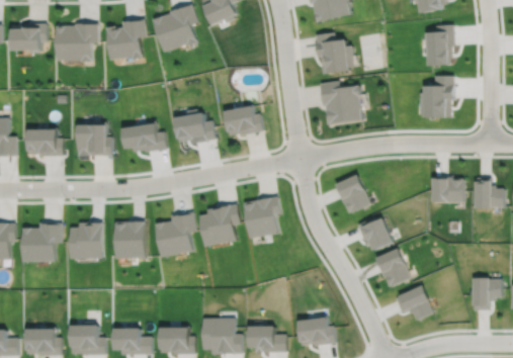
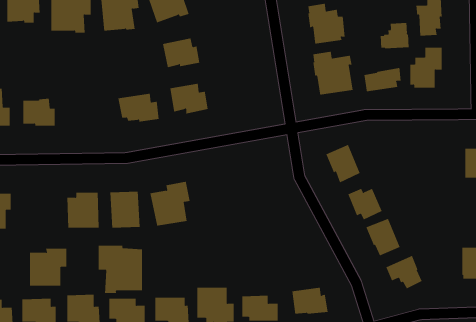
building: none -> [380,22,409,49]
building: none -> [364,67,401,92]
building: [225,105,263,136] -> [162,38,200,68]
building: [77,122,110,156] -> none
building: [431,177,463,202] -> none
building: [245,196,282,239] -> none
building: [201,204,242,247] -> none
building: [24,223,63,262] -> [29,248,67,286]
building: none -> [98,245,142,294]

